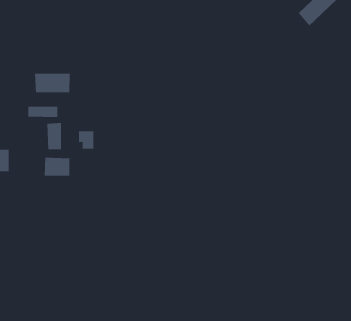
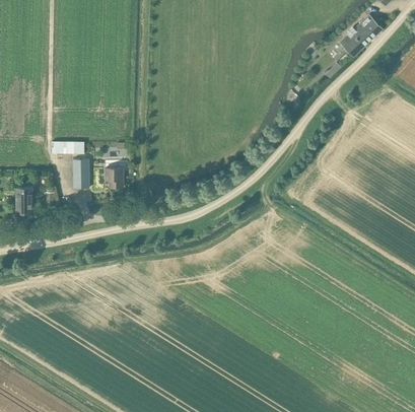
building: [35,73,70,93] -> none
building: [44,157,70,176] -> none

